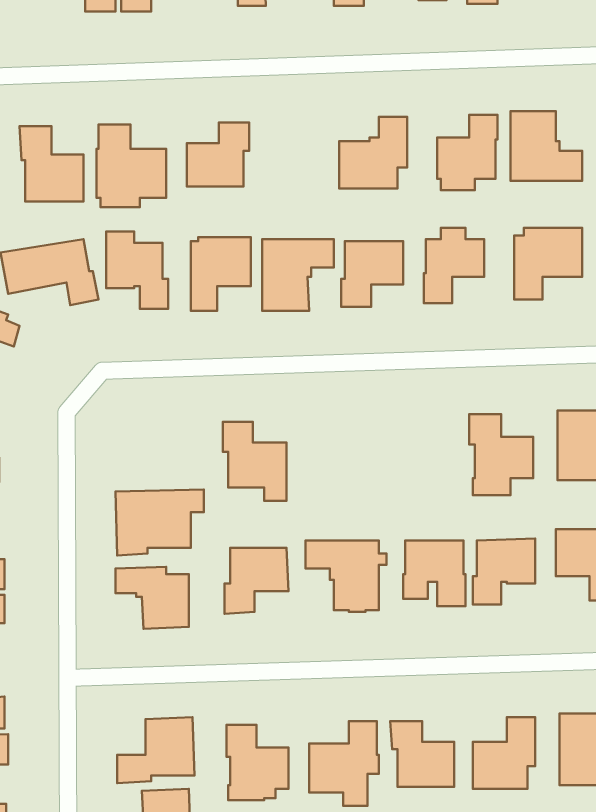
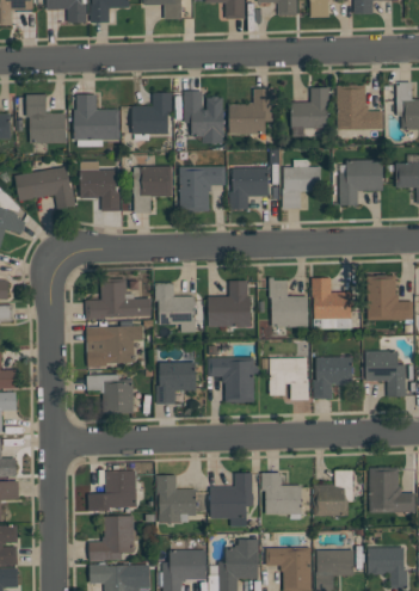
building: none -> [185,90,224,142]
building: none -> [270,277,308,326]
building: none -> [86,278,152,319]
building: none -> [209,279,252,326]

